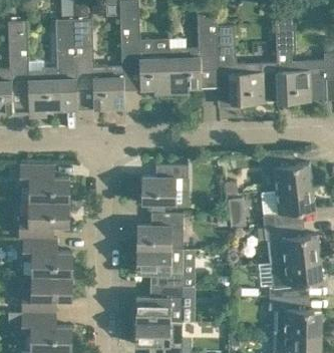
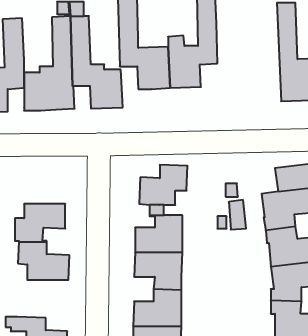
building: [216,27,279,105] -> none
building: [19,165,69,204] -> none
building: [21,278,71,315] -> none

